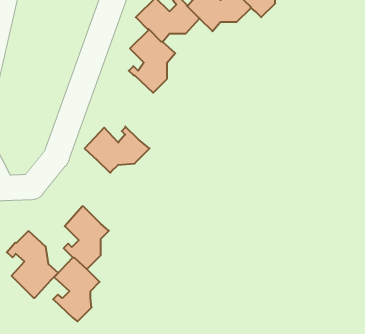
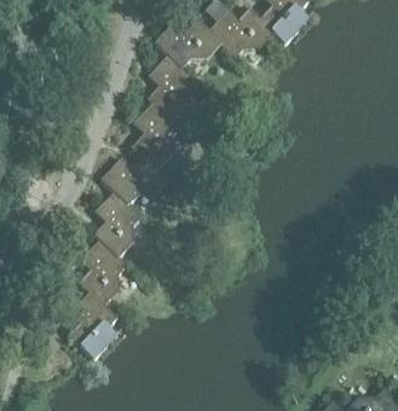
building: none -> [133,102,180,168]
building: none -> [94,190,142,256]
building: [7,231,58,298] -> none

